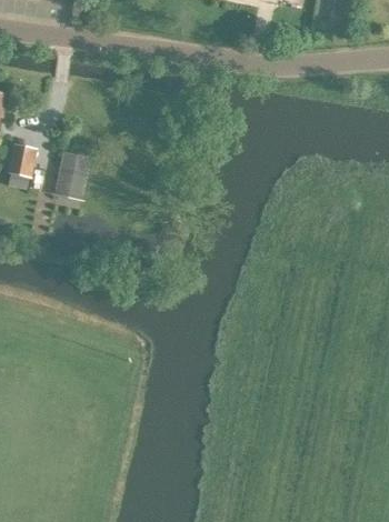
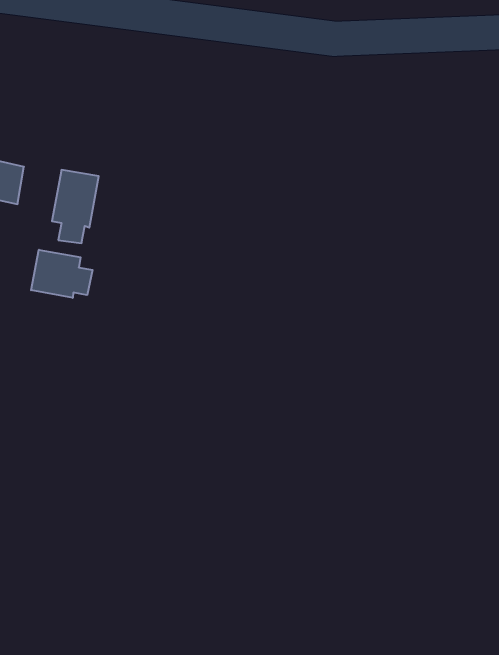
building: none -> [31,250,93,298]

